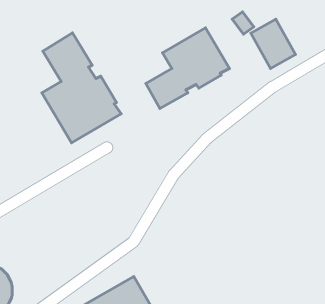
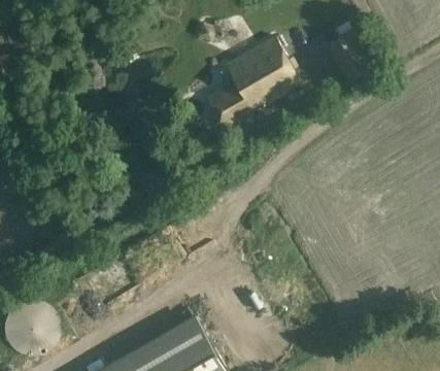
building: [42,33,121,143] -> none

